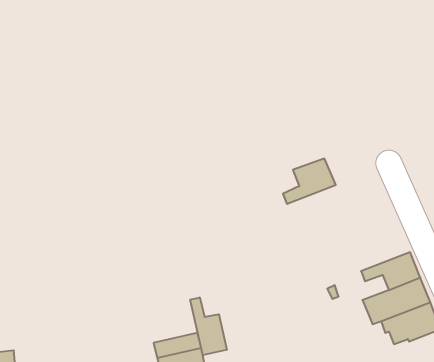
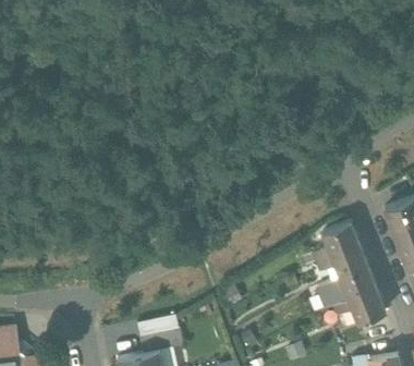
building: [283,159,336,204] -> [315,222,361,261]
building: [190,297,227,355] -> none

